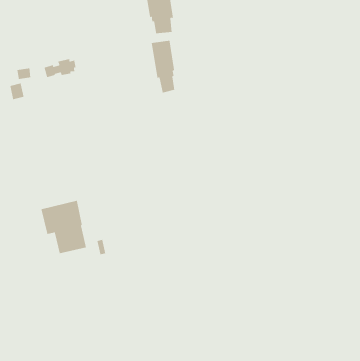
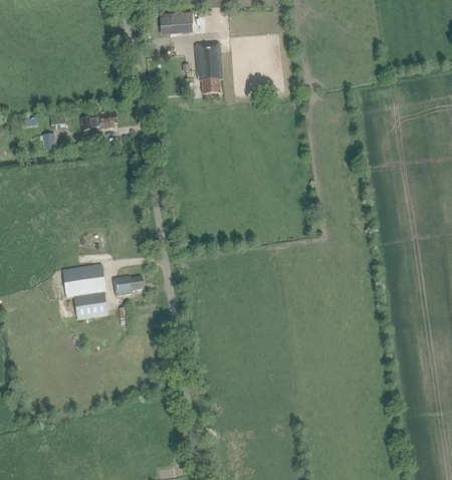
building: [151,40,175,93] -> none
building: none -> [111,276,142,296]

